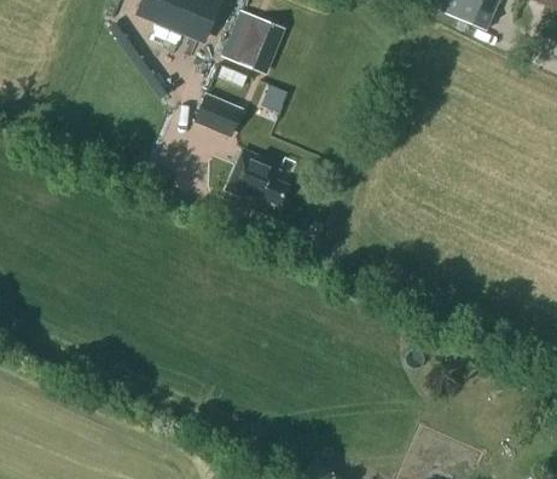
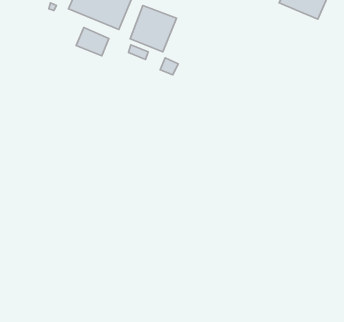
building: [196,93,242,133] -> [76,27,109,56]
building: [226,149,288,204] -> none

